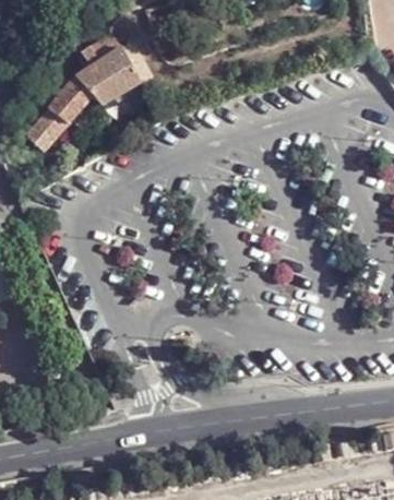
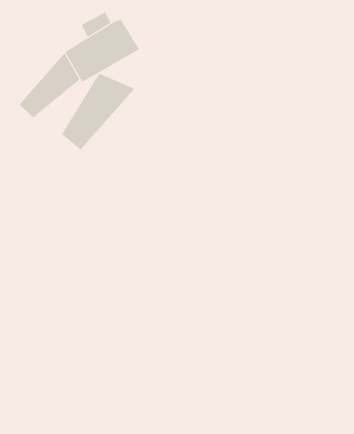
building: none -> [61,73,135,150]

